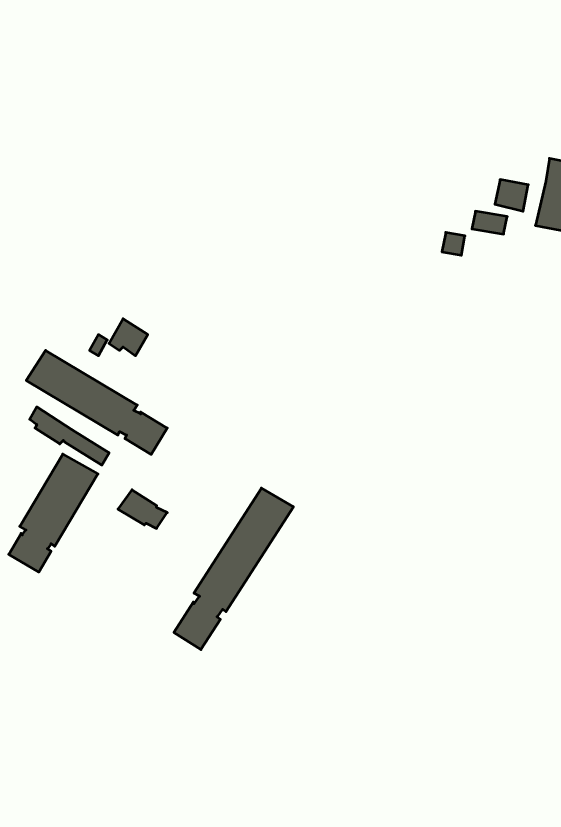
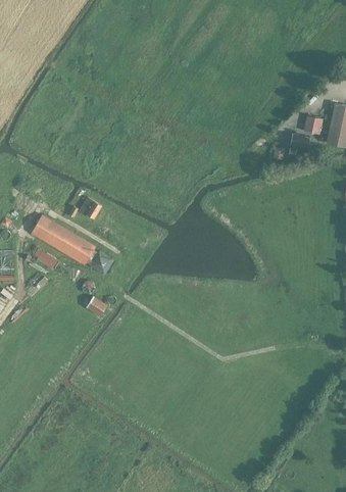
building: [9,454,98,572] -> none
building: [174,488,293,650] -> none

